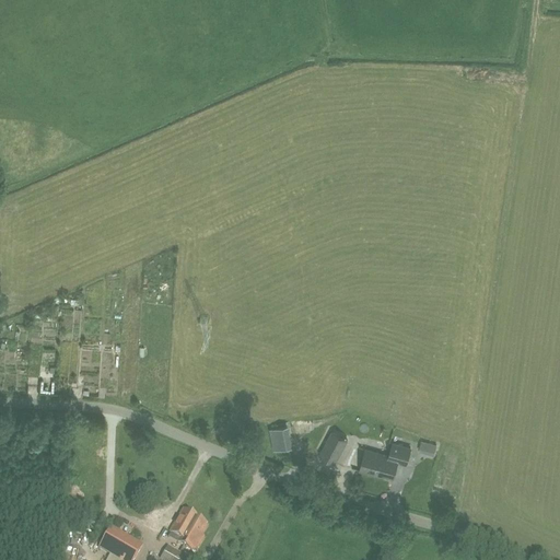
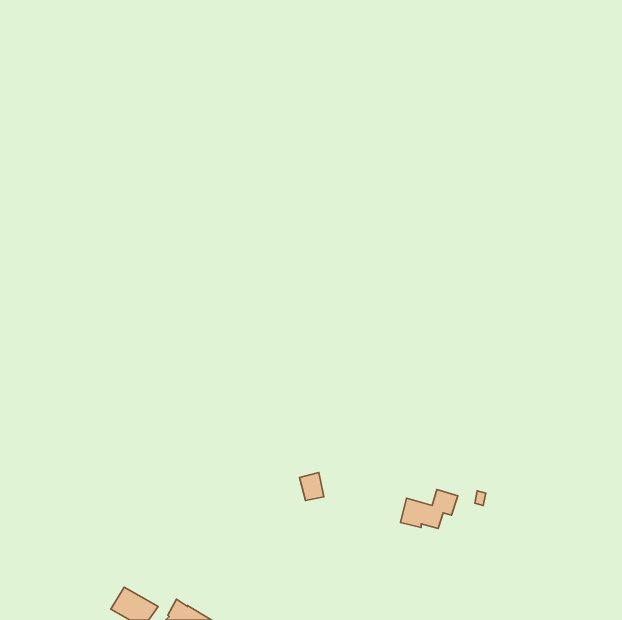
building: [319,430,347,462] -> none
building: [171,508,207,550] -> none

